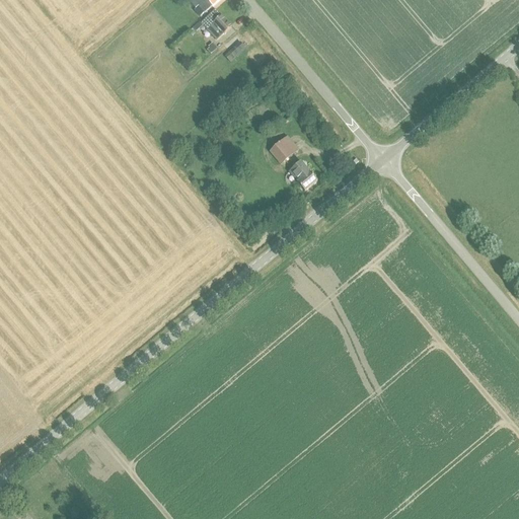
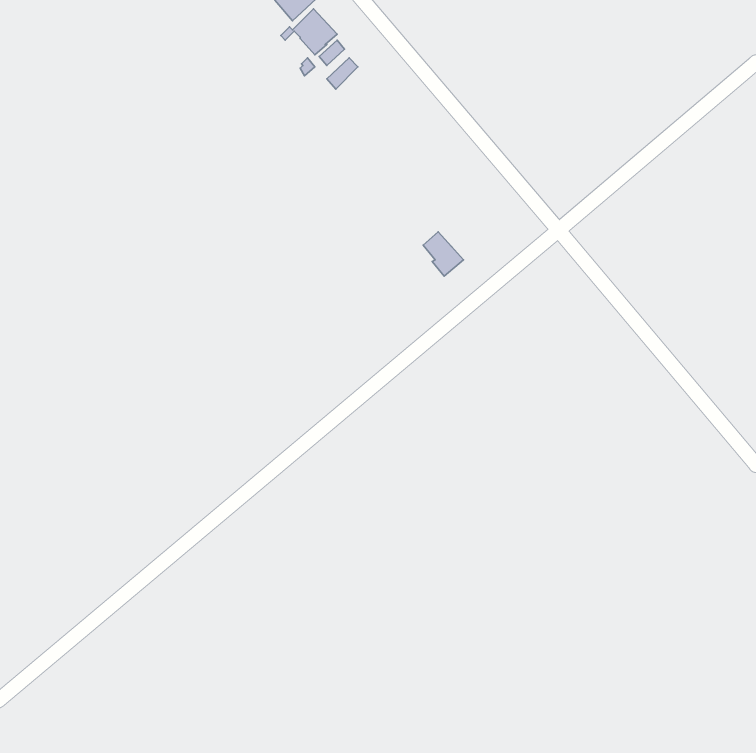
building: [268,134,297,163] -> none

